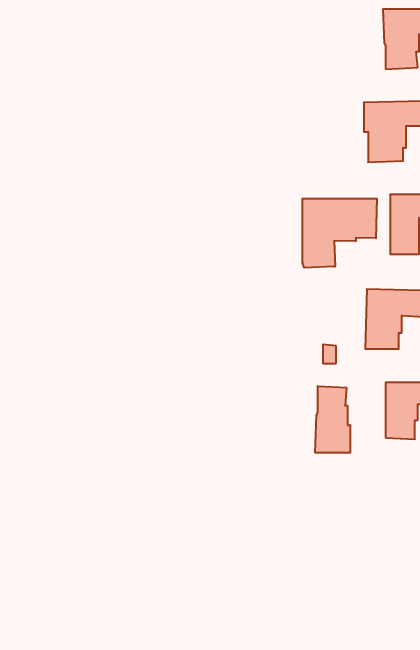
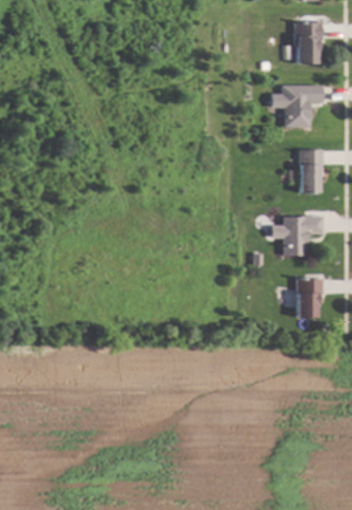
building: [302,199,377,268] -> none
building: [315,386,350,453] -> none

